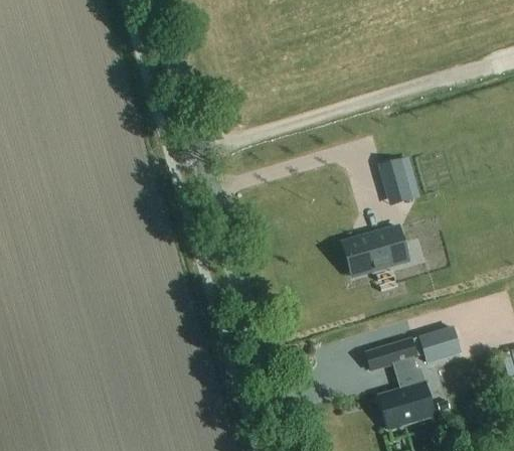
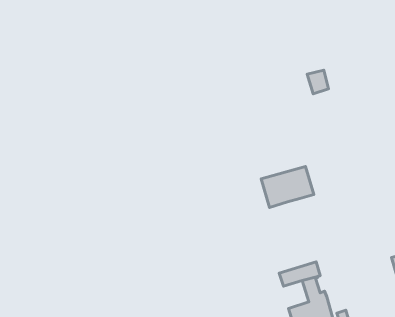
building: [381,161,407,190] -> [307,70,329,94]
building: [412,328,462,363] -> none

